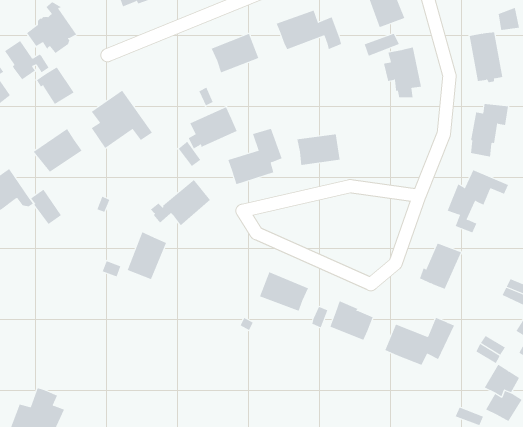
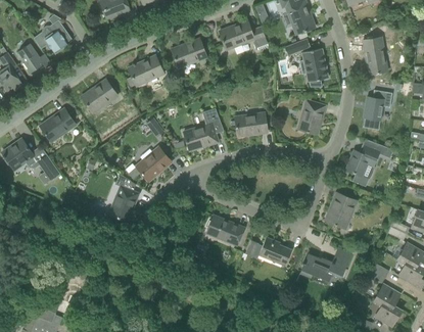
building: [36,66,74,105] -> none
building: [188,106,238,149] -> [127,55,163,87]
building: none -> [297,99,325,134]

